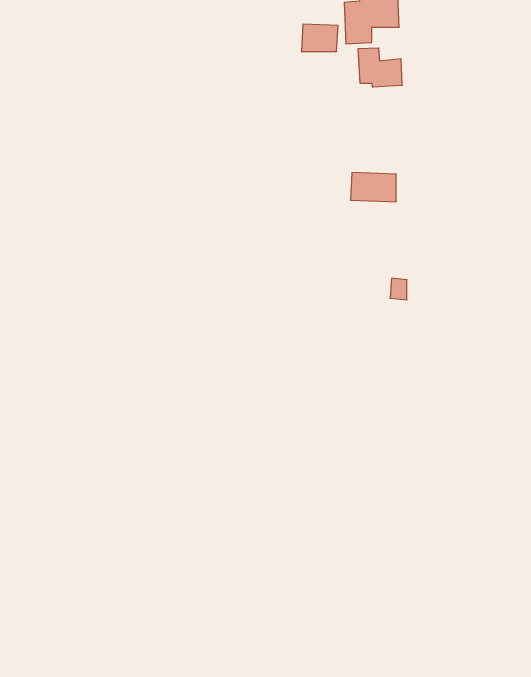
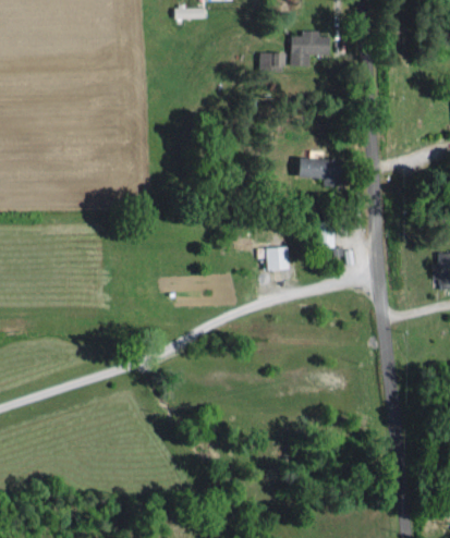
building: [358,48,402,87] -> none
building: none -> [268,247,290,270]

